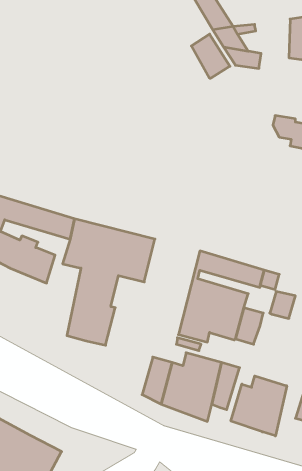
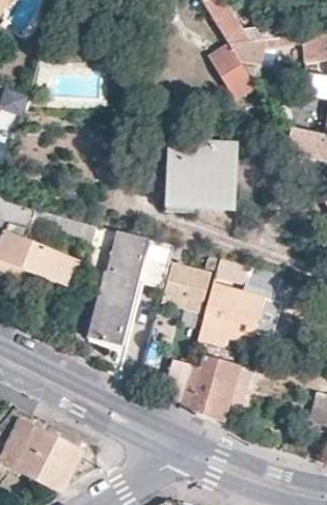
building: none -> [165,142,235,208]
building: none -> [164,265,210,311]
building: [231,376,287,436] -> none

